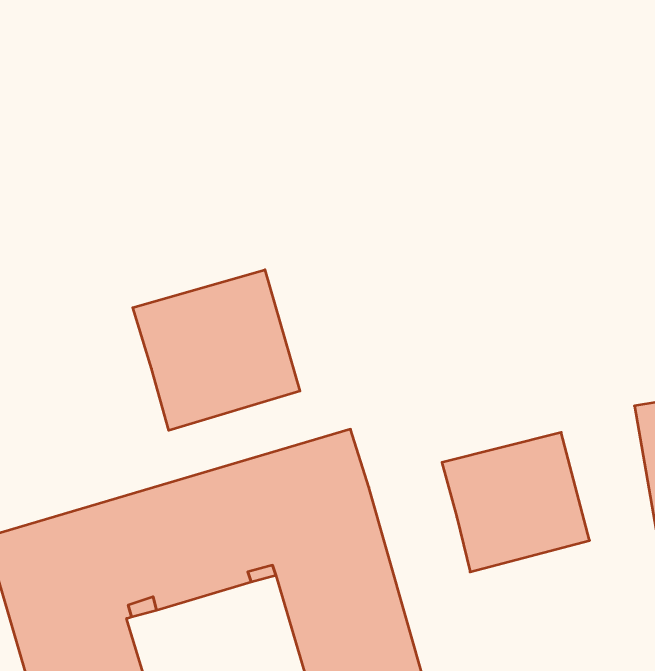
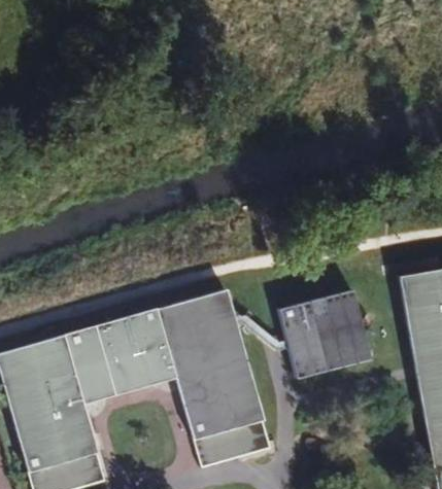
building: [133,270,300,430] -> none

